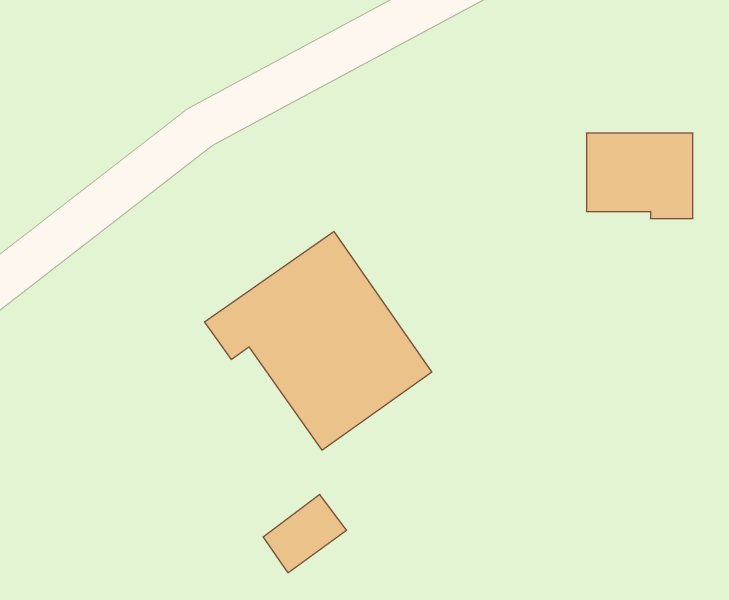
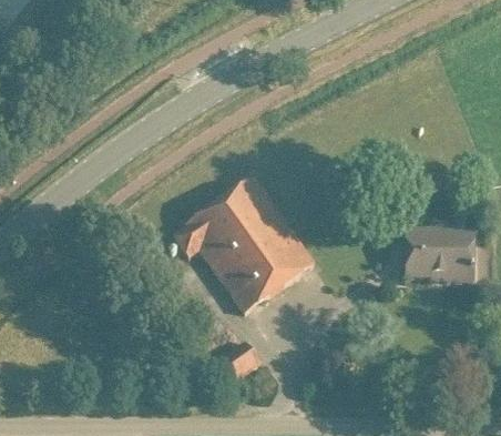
building: [586,133,693,218] -> [406,229,472,282]

